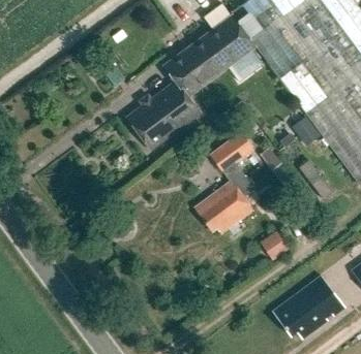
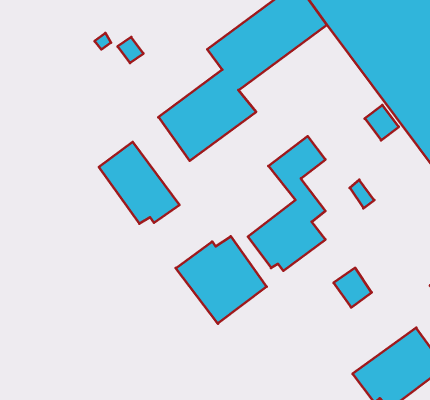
building: none -> [99,142,179,224]
building: none -> [176,236,267,324]

